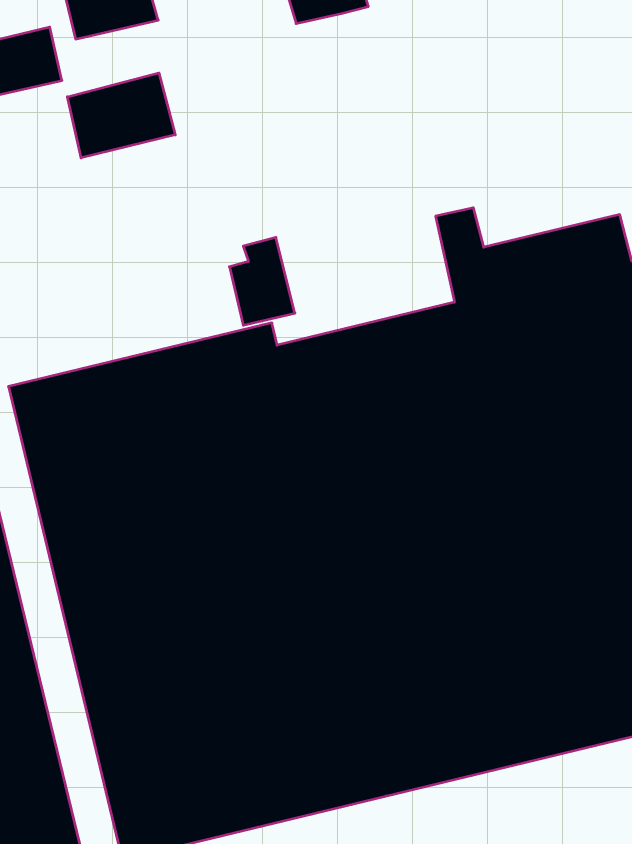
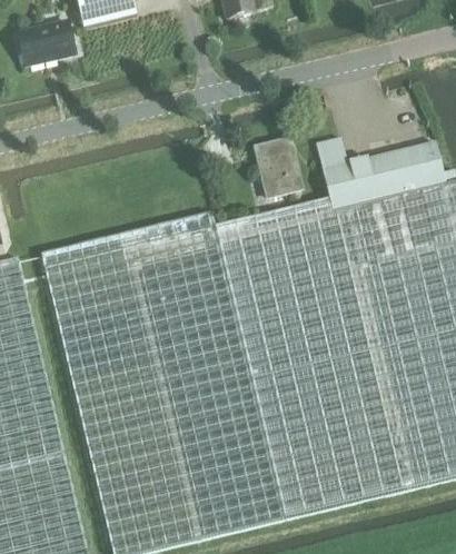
building: [67,73,175,158] -> none
building: [229,237,295,325] -> [259,139,301,196]

